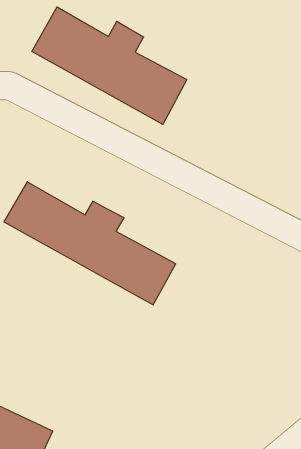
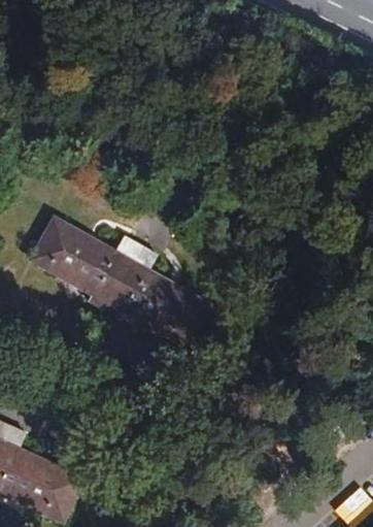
building: [32,7,187,124] -> none

